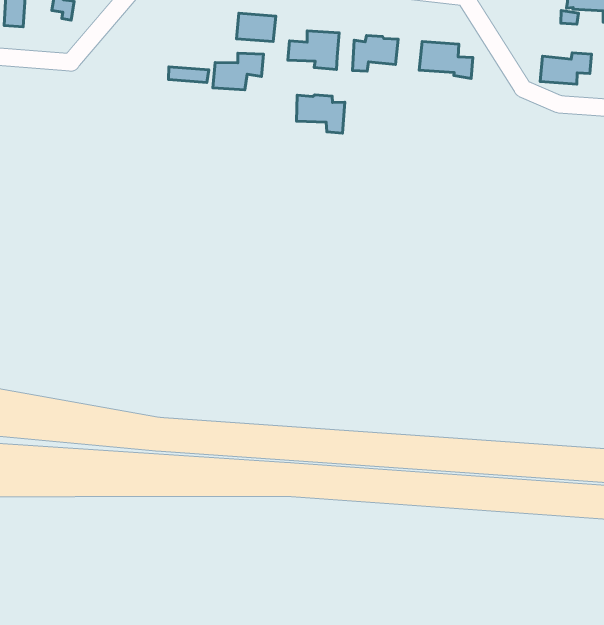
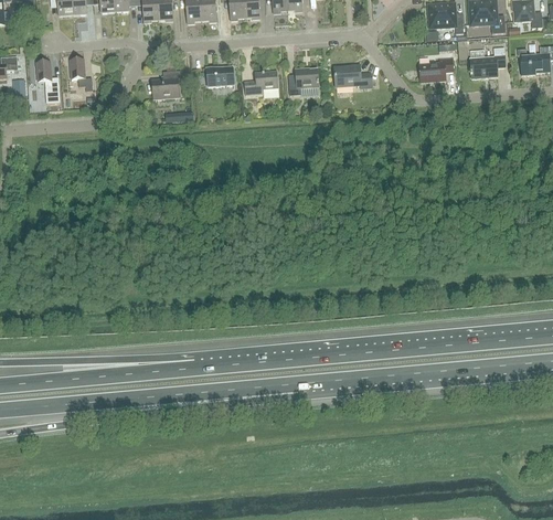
building: [213,53,263,90] -> [153,68,187,97]
building: [296,95,345,133] -> none

